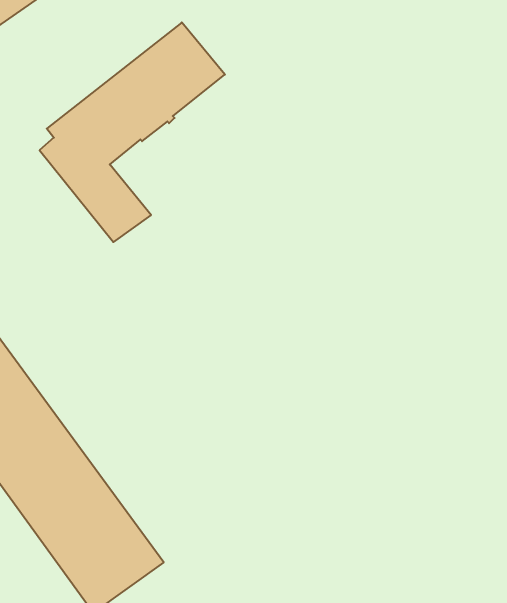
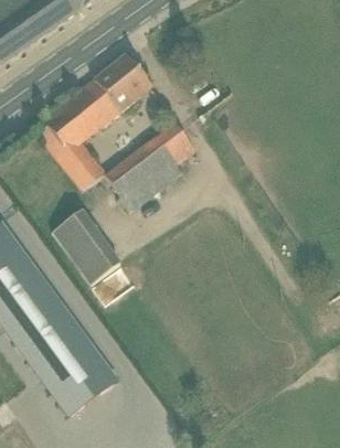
building: none -> [106,121,194,207]
building: none -> [51,205,119,281]

